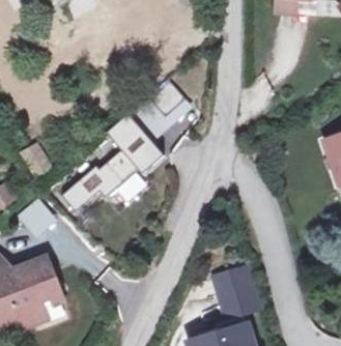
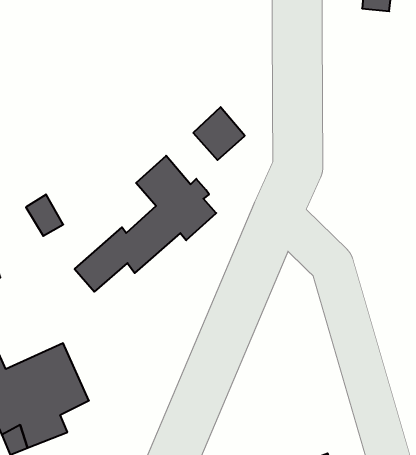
building: [131,99,195,141] -> none
building: [216,273,260,323] -> none

